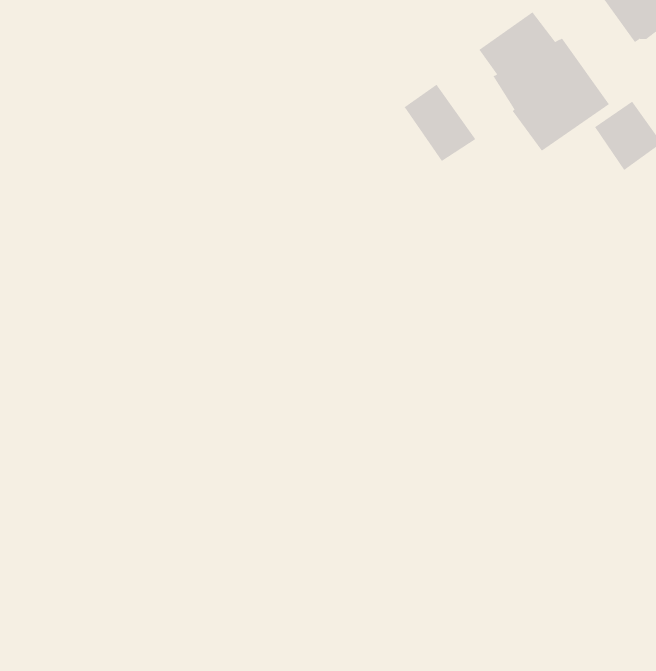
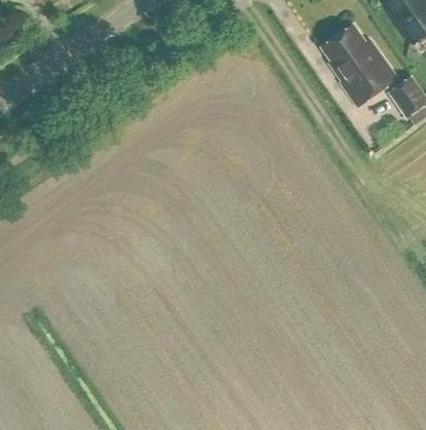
building: [404,84,476,162] -> none

